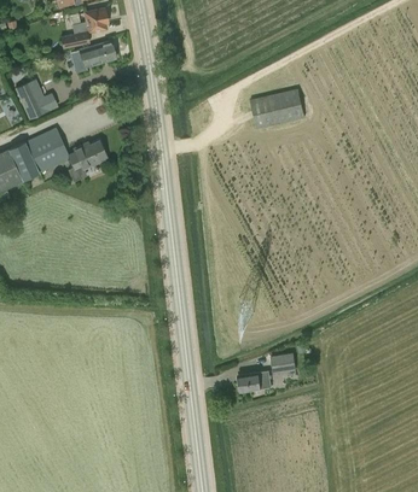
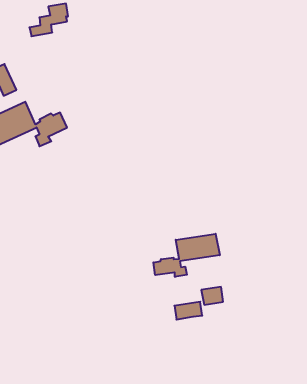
building: [79,40,117,68] -> none
building: [251,88,306,129] -> none
building: none -> [153,234,220,277]

